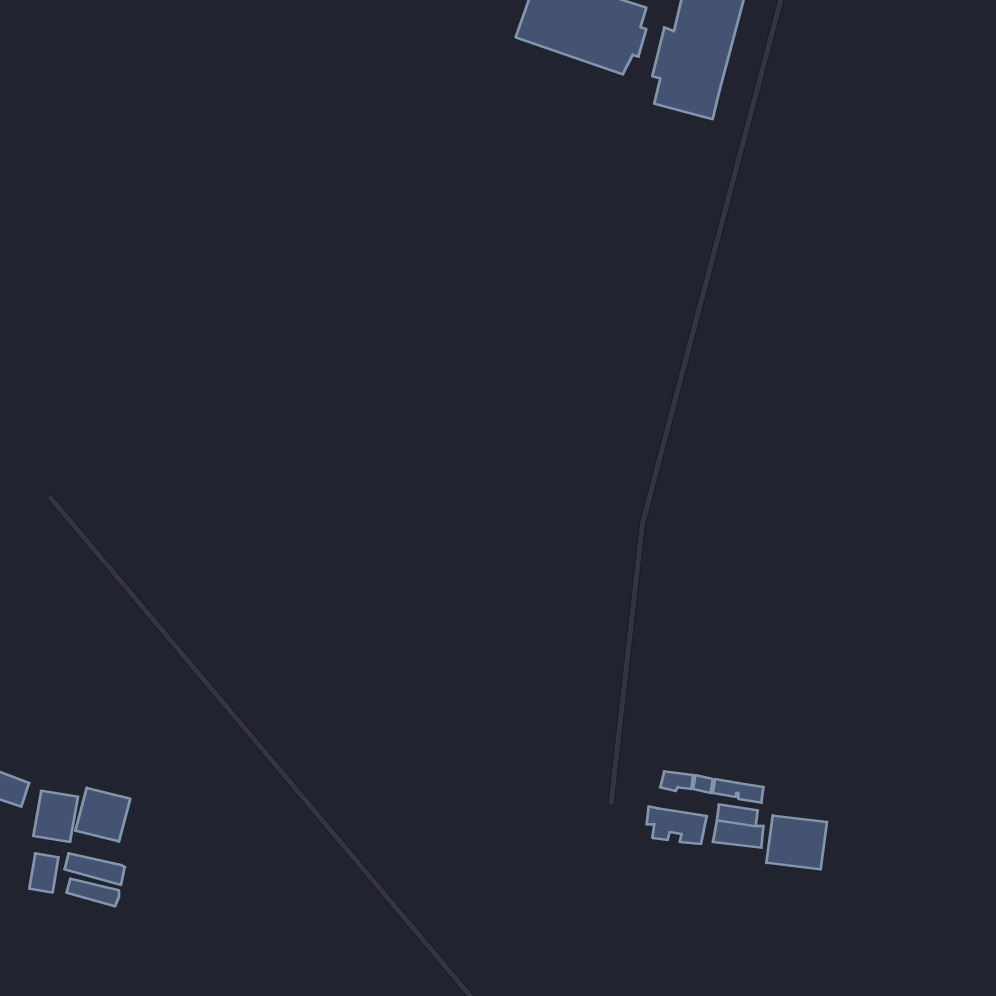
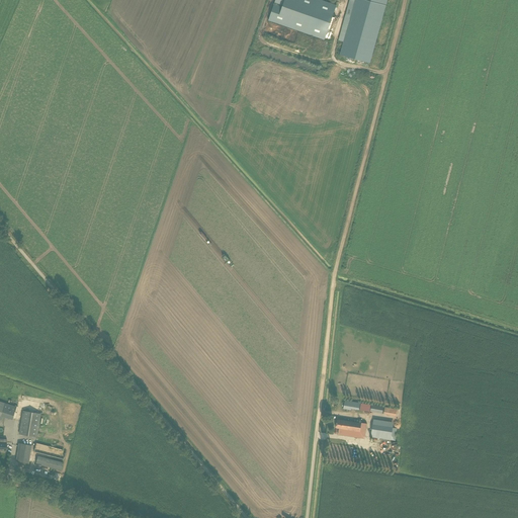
building: [75,788,130,842] -> none
building: [766,815,827,869] -> none

